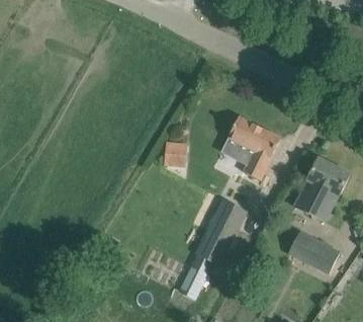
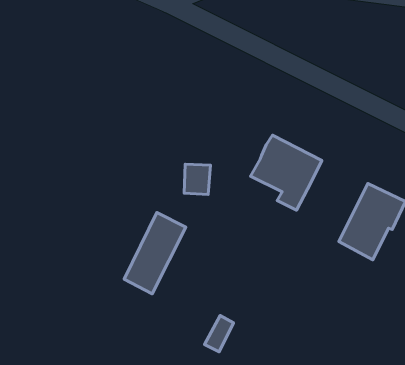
building: [195,198,247,266] -> [124,213,186,294]
building: [287,230,340,274] -> none

